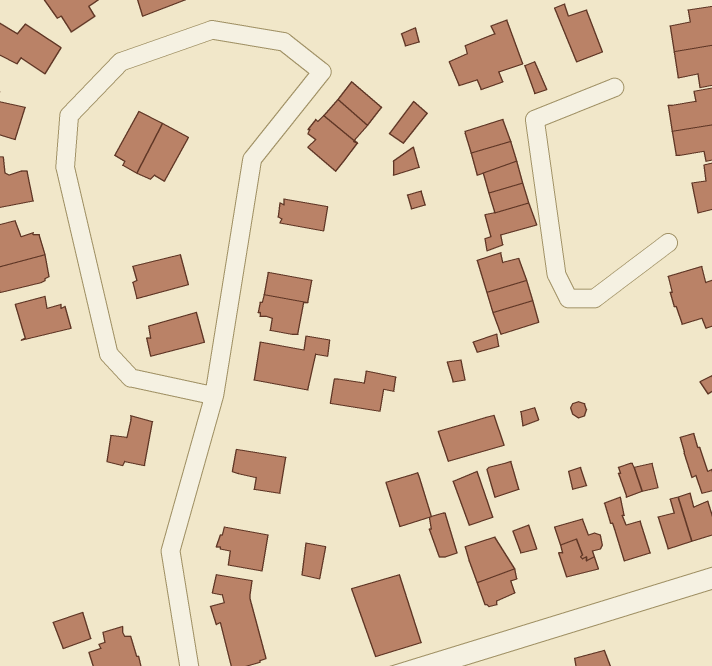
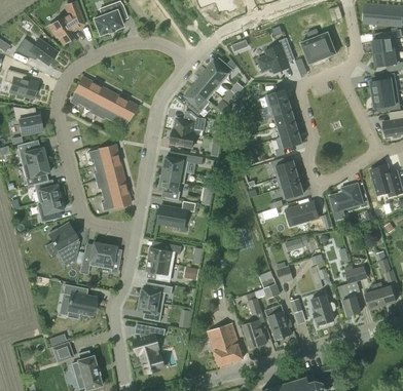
building: none -> [300,31,323,64]
building: none -> [207,55,234,82]
building: none -> [69,76,97,107]
building: none -> [110,97,136,129]
building: none -> [172,110,205,133]
building: none -> [87,144,118,164]
building: none -> [163,153,203,171]
building: none -> [96,173,126,195]
building: none -> [329,185,363,209]
building: none -> [36,196,65,223]
building: [330,371,396,411] -> [147,242,181,263]
building: none -> [48,223,77,265]
building: [438,415,504,461] -> [285,201,319,225]
building: none -> [100,243,119,272]
building: [386,473,432,526] -> [243,319,266,347]
building: none -> [140,282,173,303]
building: none -> [63,283,96,319]

